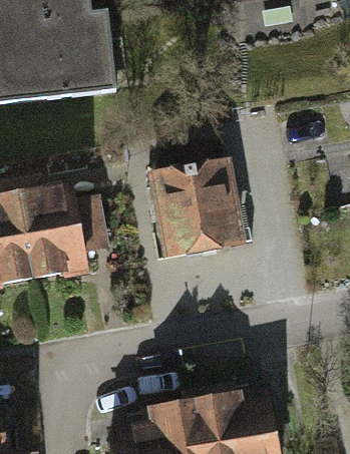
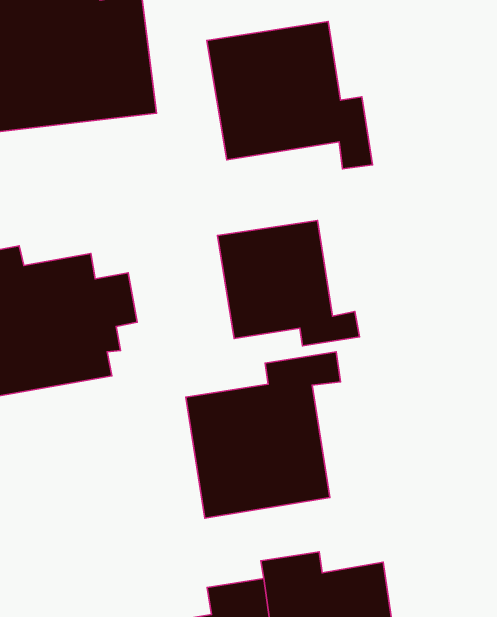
building: none -> [207,21,373,169]
building: none -> [186,352,340,518]

